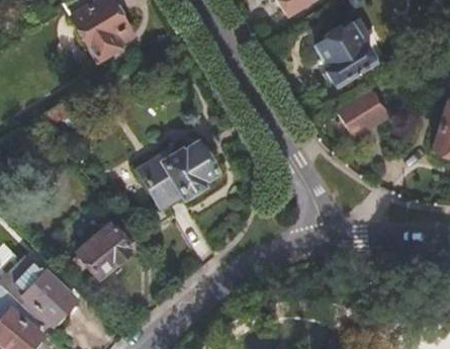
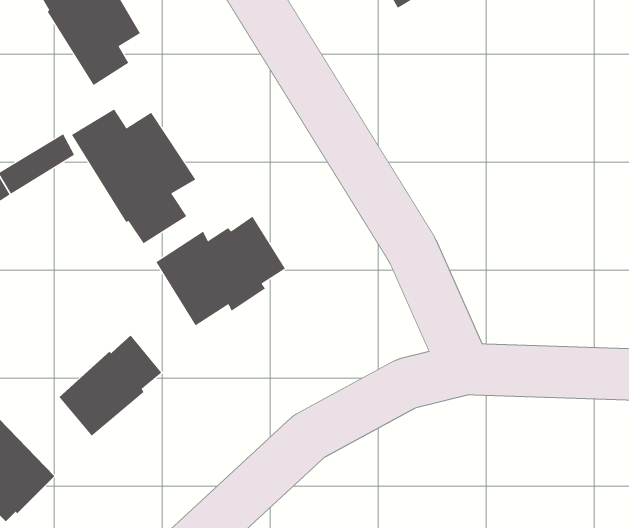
building: [317,23,376,87] -> none
building: none -> [71,108,196,244]
building: [329,92,378,141] -> none

